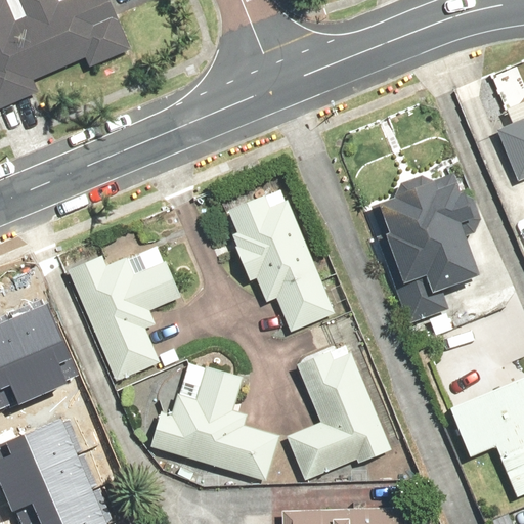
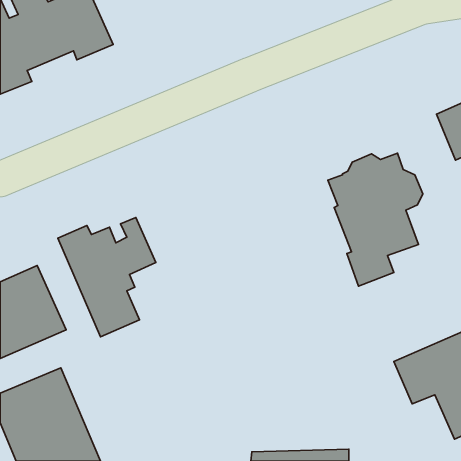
building: [226,189,335,332] -> none
building: [286,345,391,480] -> none
building: [149,362,278,480] -> none

